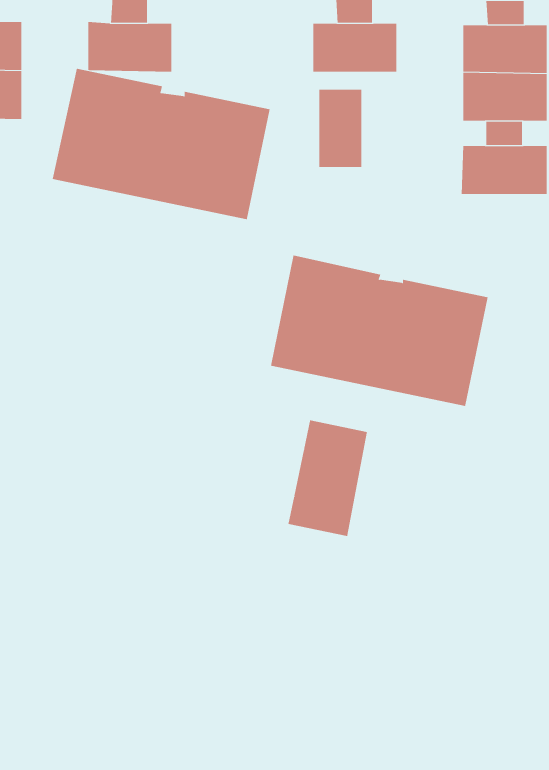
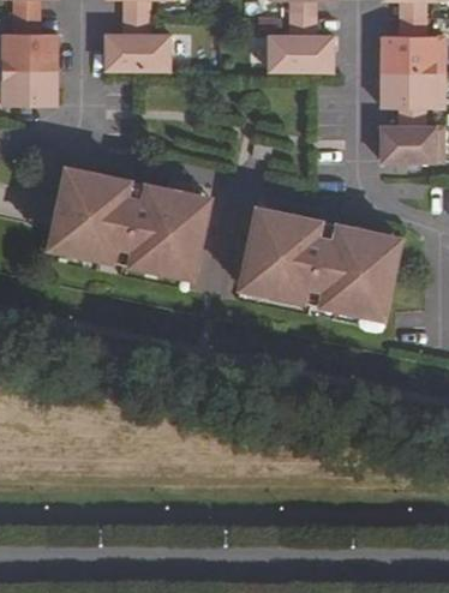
building: [52,68,270,220] -> [48,167,209,278]
building: [319,89,362,168] -> none
building: [288,419,367,537] -> none

